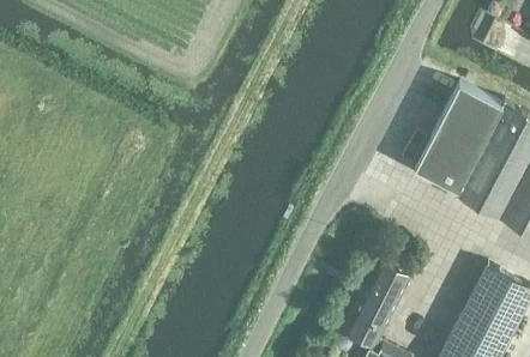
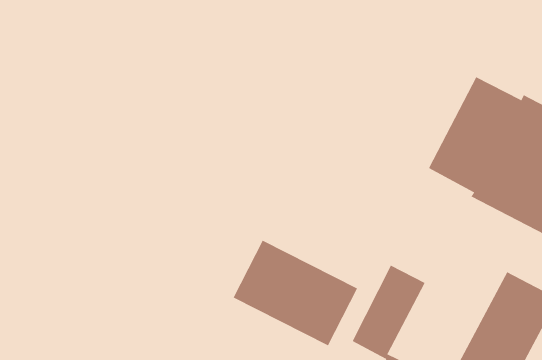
building: none -> [233,240,358,346]

